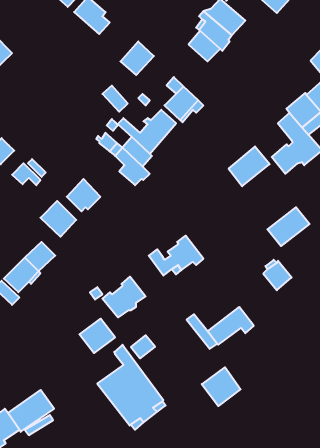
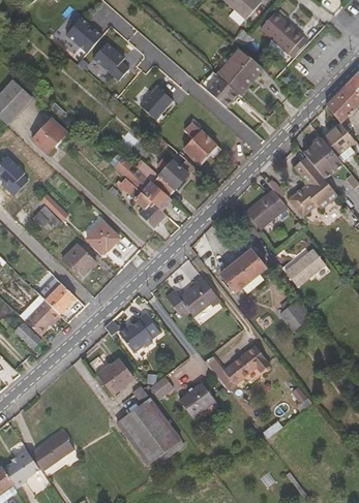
building: none -> [31,117,66,152]
building: none -> [220,249,266,292]
building: [202,367,241,406] -> [179,383,217,421]

